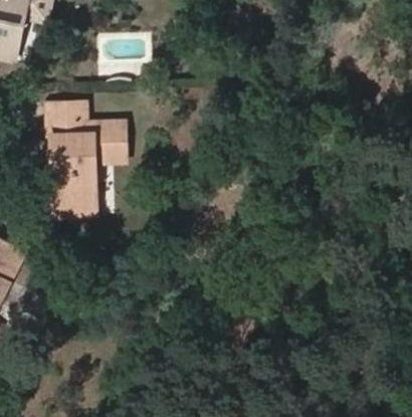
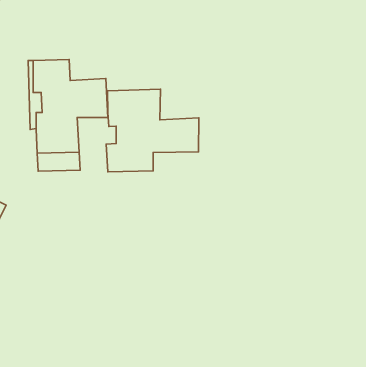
building: none -> [106,89,199,172]

